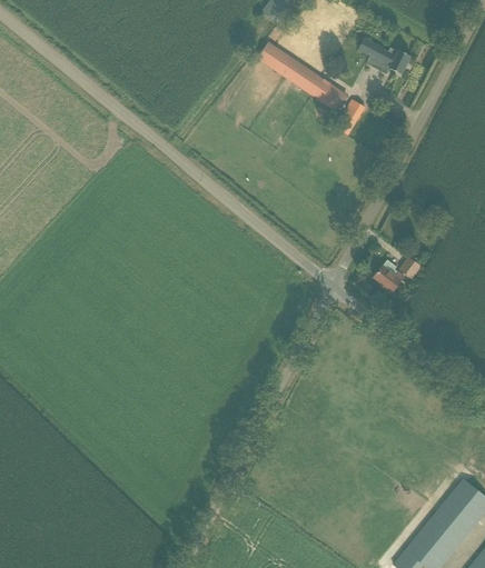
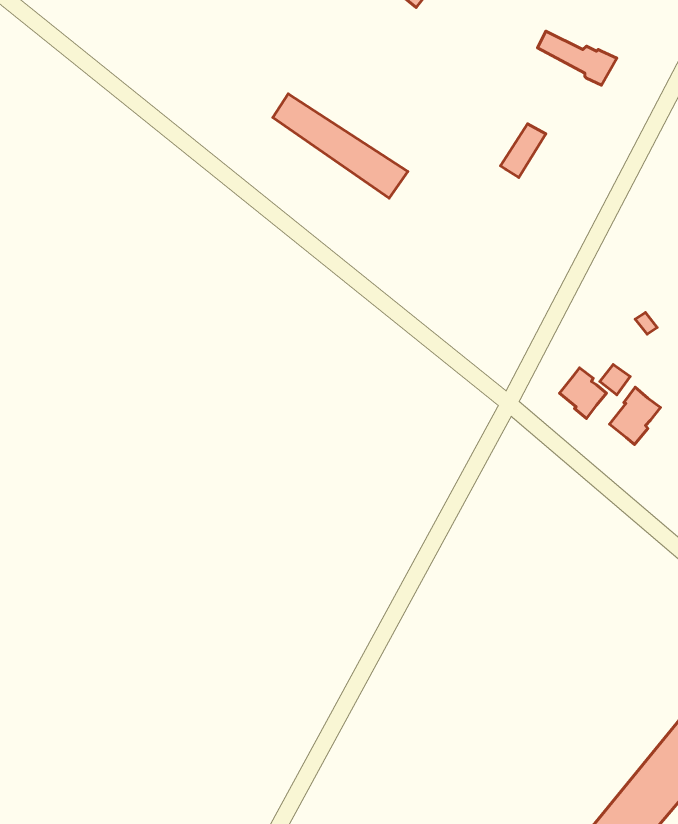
building: [258,43,347,112] -> [273,94,408,198]
building: none -> [609,387,660,444]

